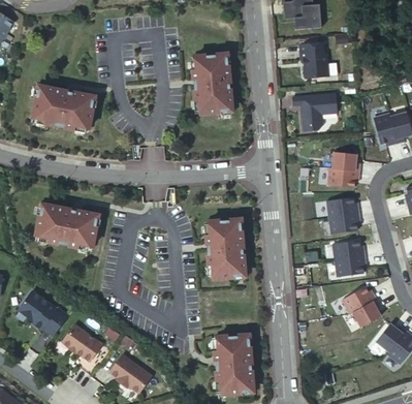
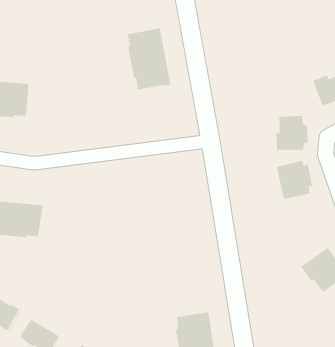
building: [298,45,328,81] -> none
building: [292,97,337,134] -> none
building: [207,219,244,276] -> none
building: [332,240,367,276] -> none

